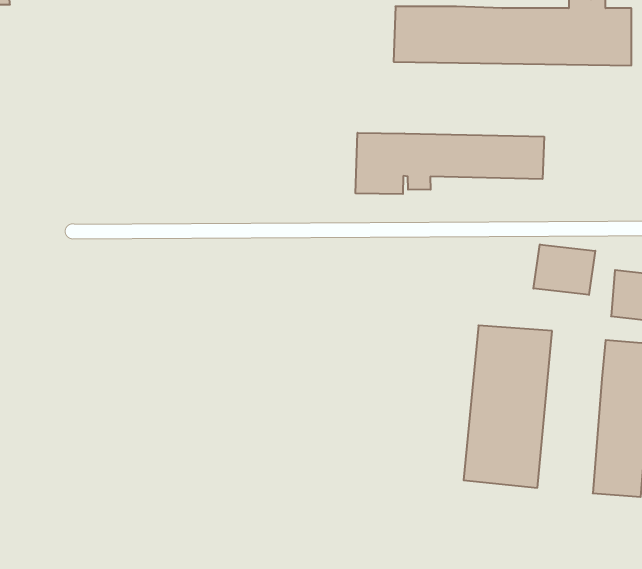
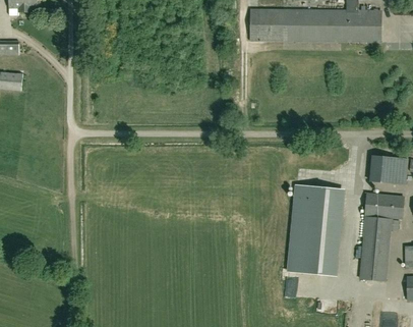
building: [356,133,544,194] -> none
building: [533,244,595,295] -> none

